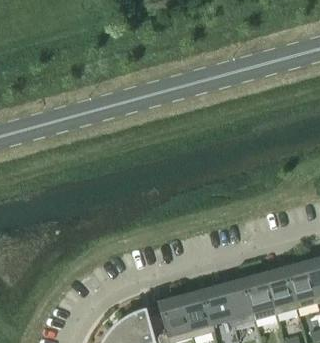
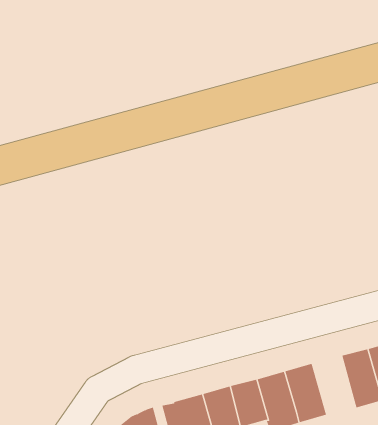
building: [265,269,298,314] -> none

